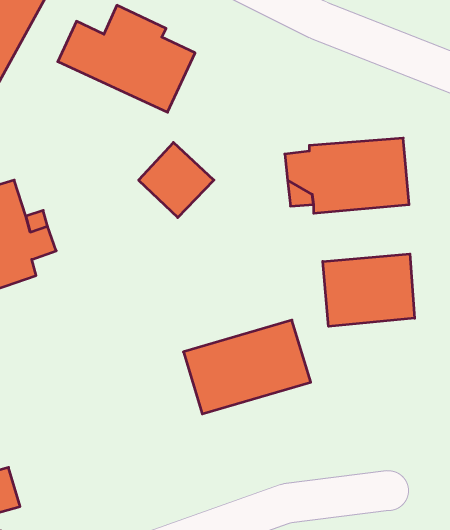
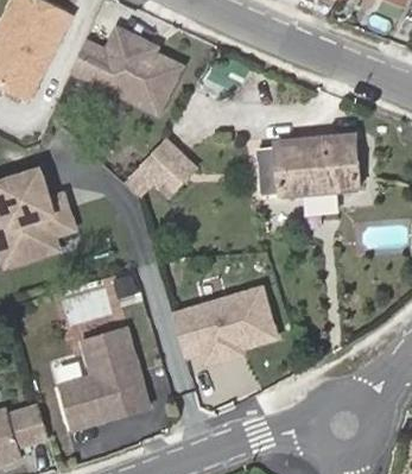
building: [323,254,415,326] -> none
building: none -> [52,328,144,431]

